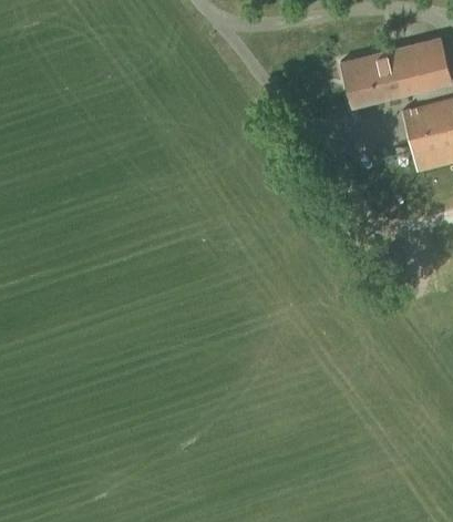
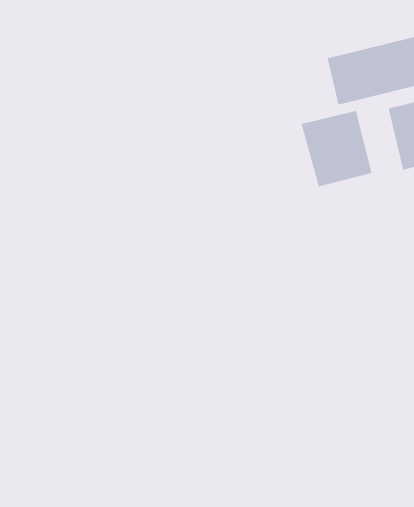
building: none -> [301,110,372,187]

